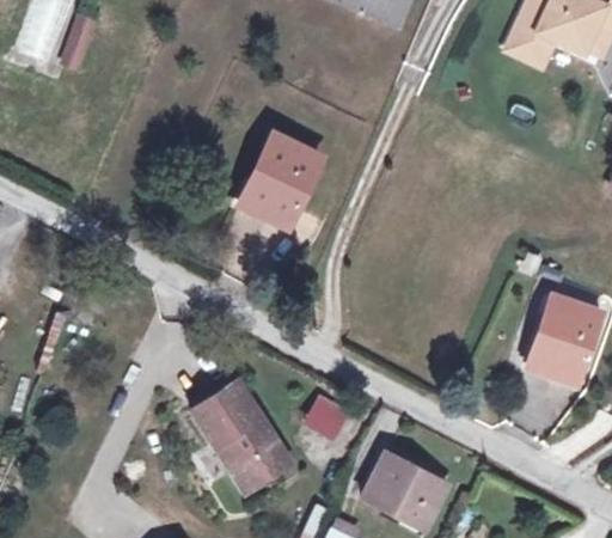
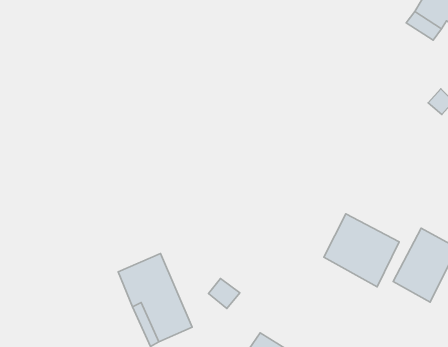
building: [235,127,318,221] -> none
building: none -> [324,214,399,287]

